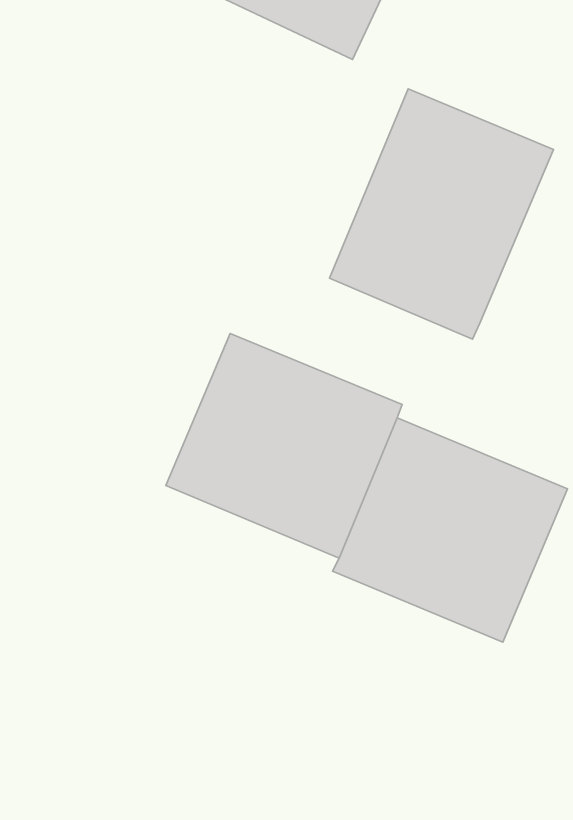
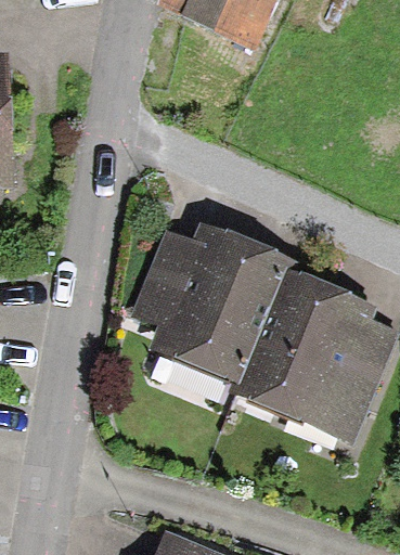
building: [329,89,553,339] -> none

